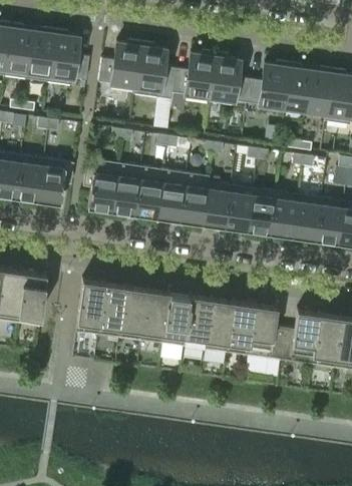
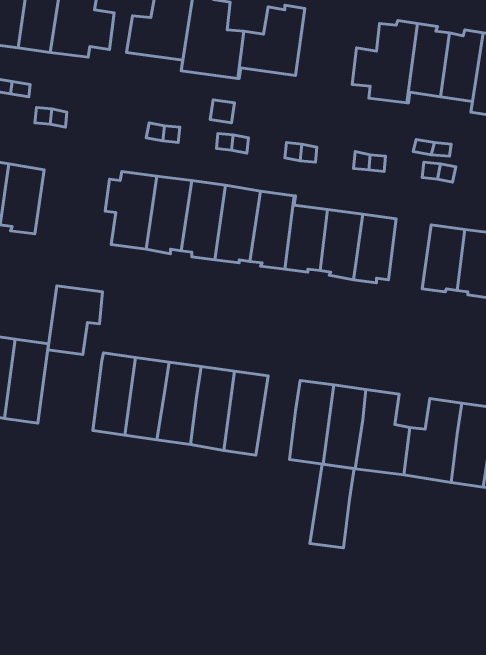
building: [210,54,250,104] -> none
building: [38,160,74,205] -> [48,286,103,354]
building: [271,192,299,238] -> none
building: [184,296,213,351] -> [310,464,354,548]

